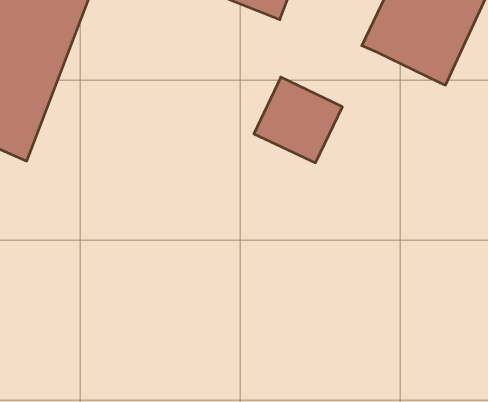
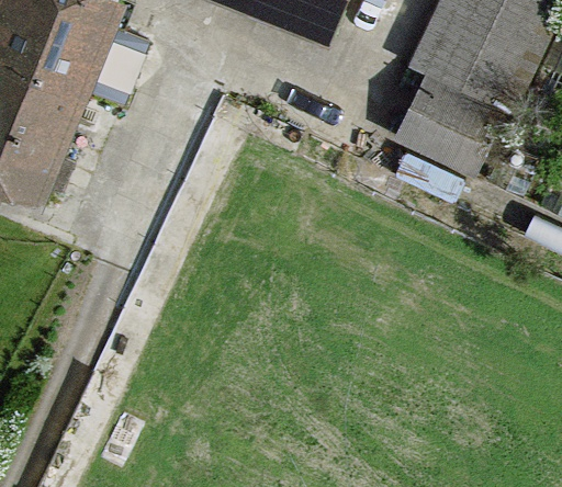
building: [254,77,342,163] -> [402,64,503,161]

